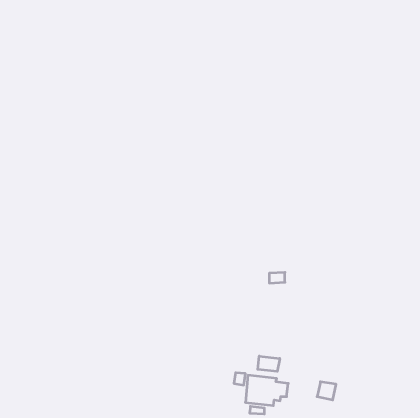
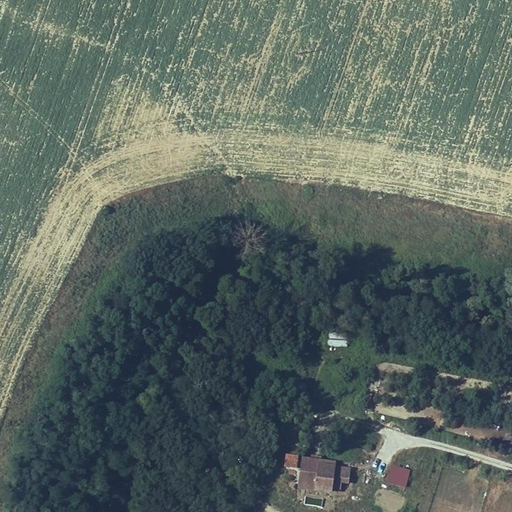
building: [258,356,280,371] -> none

